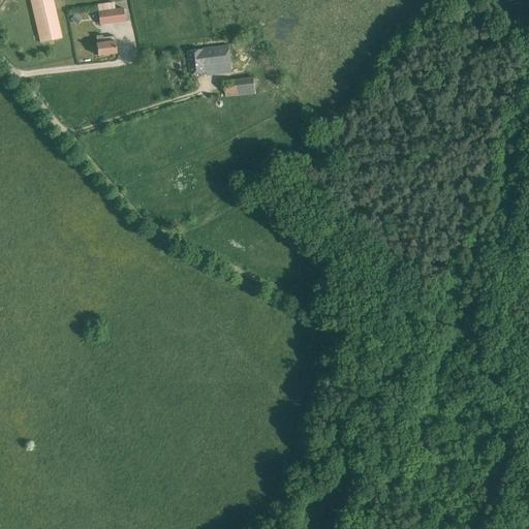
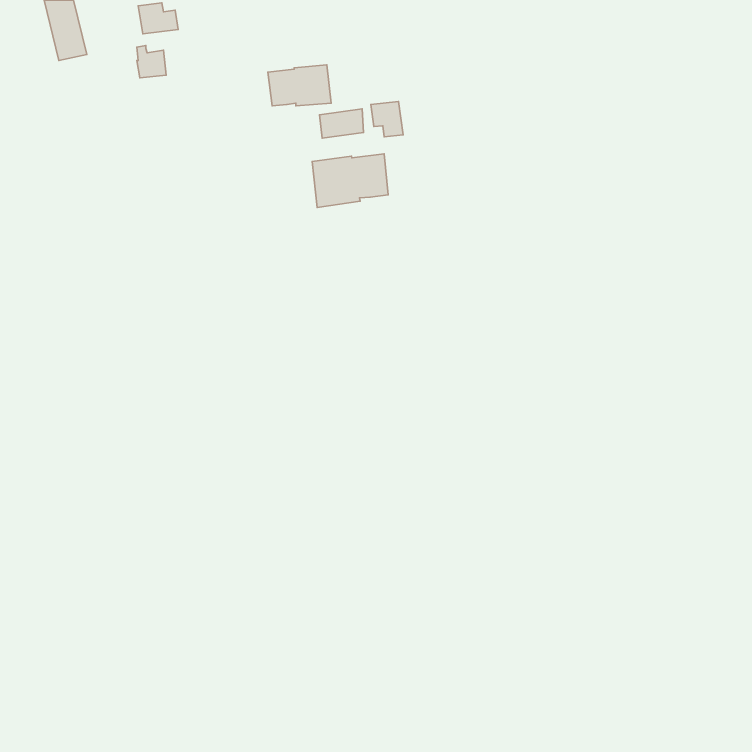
building: none -> [371,102,403,137]
building: none -> [312,154,388,207]

